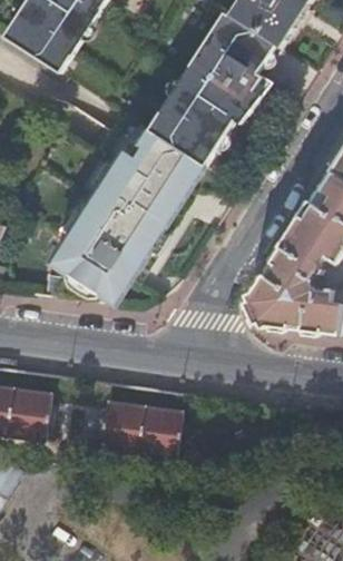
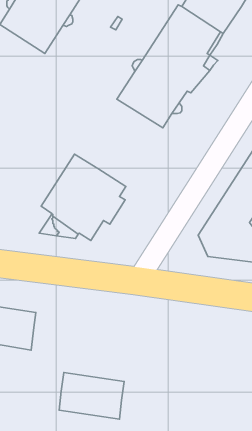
building: [95,129,204,237] -> none
building: [98,400,178,457] -> [59,372,124,419]

